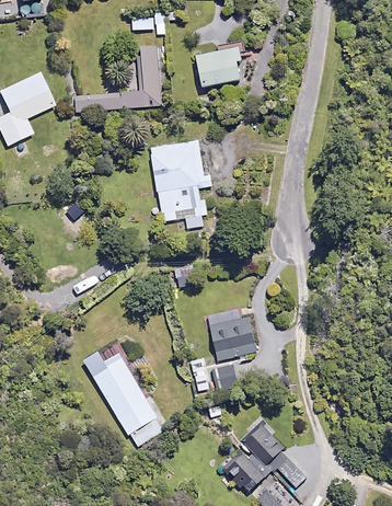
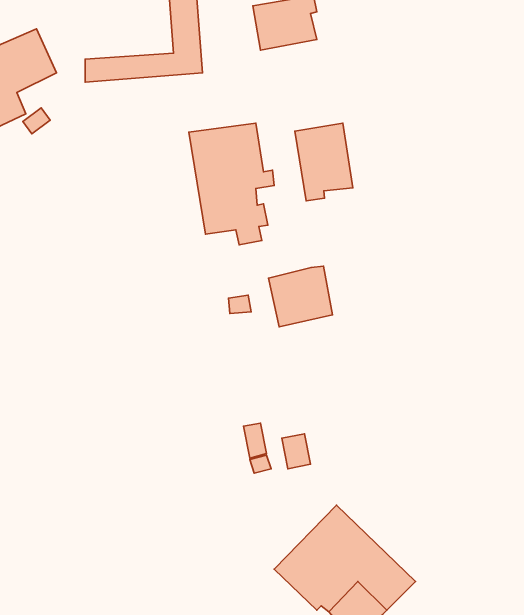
building: none -> [295,123,353,201]
building: [210,317,256,360] -> [269,266,333,327]
building: [82,342,162,445] -> none

